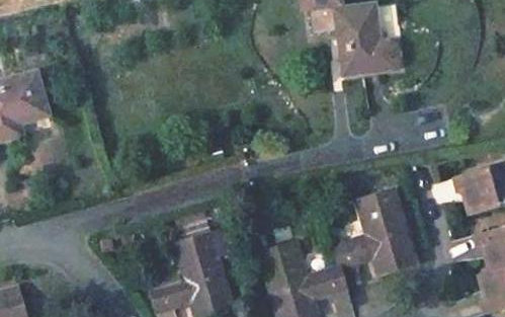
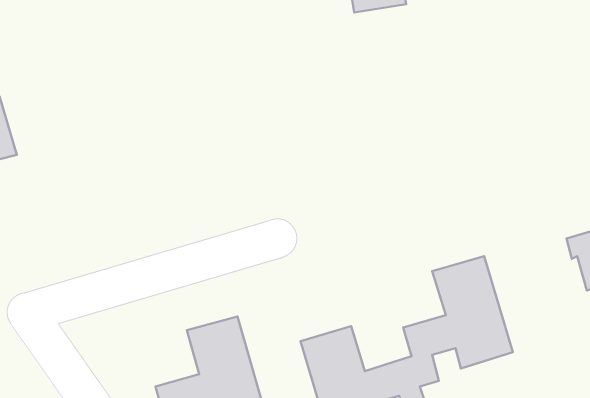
building: [334,5,397,75] -> none

